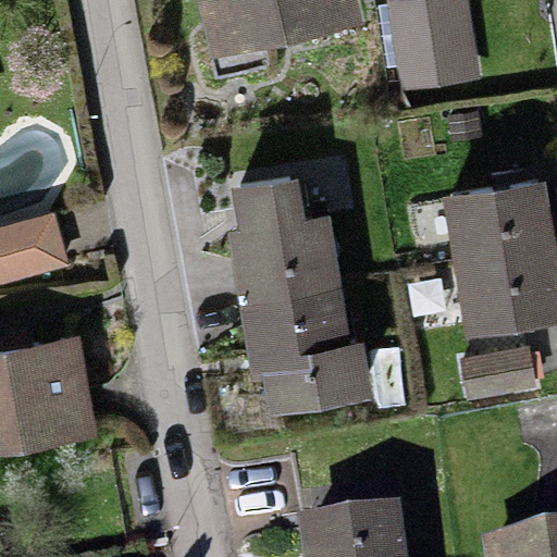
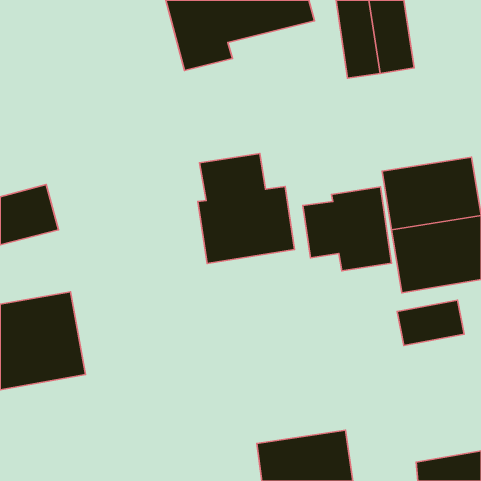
building: none -> [303,187,392,271]
building: [239,288,374,416] -> none

